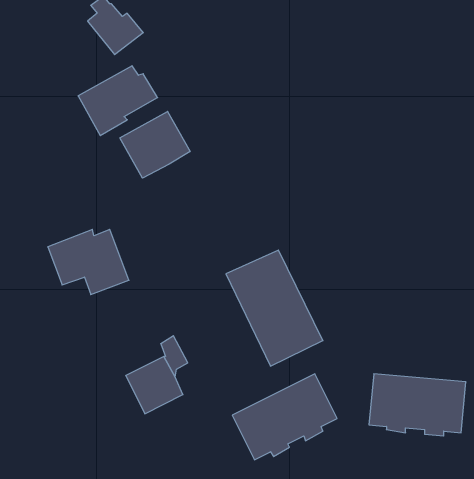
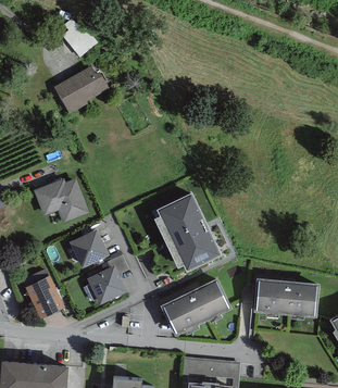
building: [120,111,190,178] -> none
building: none -> [70,228,110,268]
building: none -> [25,276,64,318]

